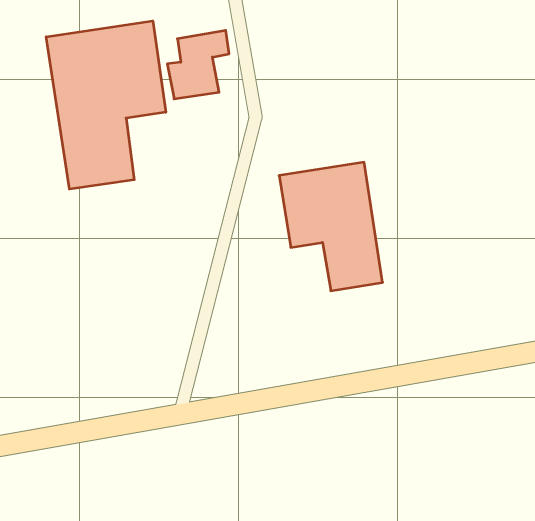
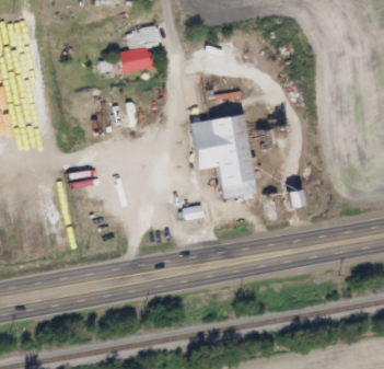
building: [46,21,166,189] -> none

